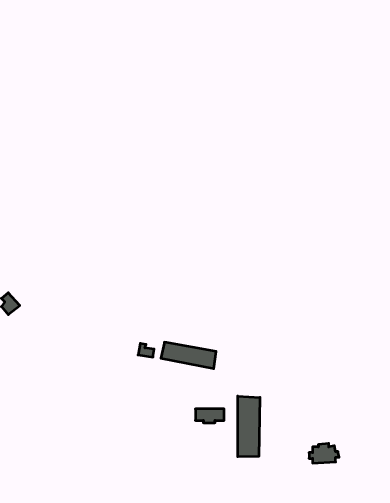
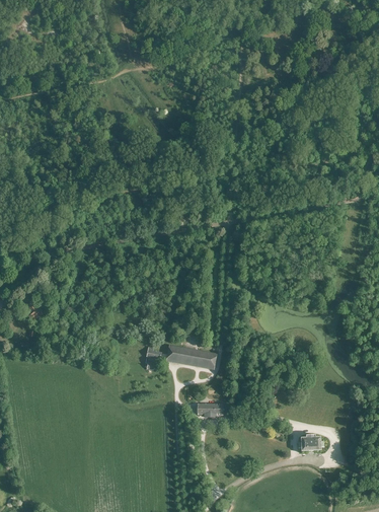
building: [238,396,260,457] -> none

